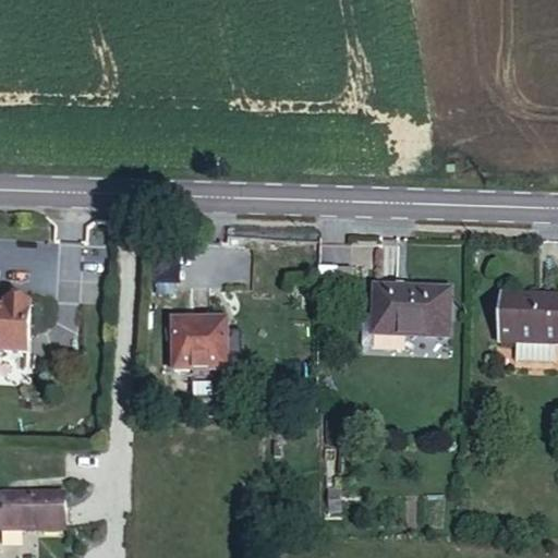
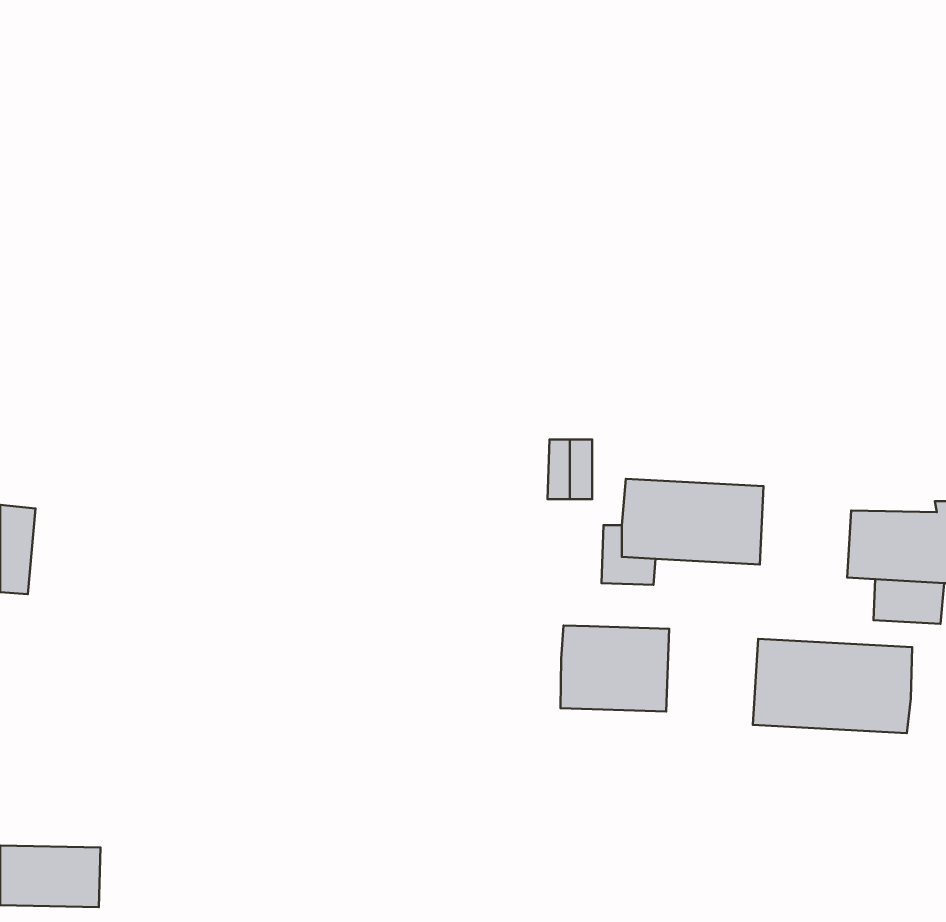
building: [171,322,232,376] -> none
building: none -> [560,626,669,712]
building: none -> [753,639,912,733]

